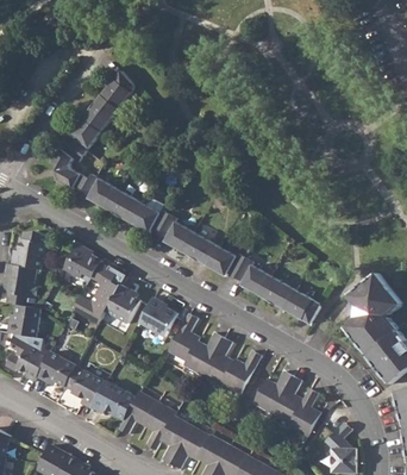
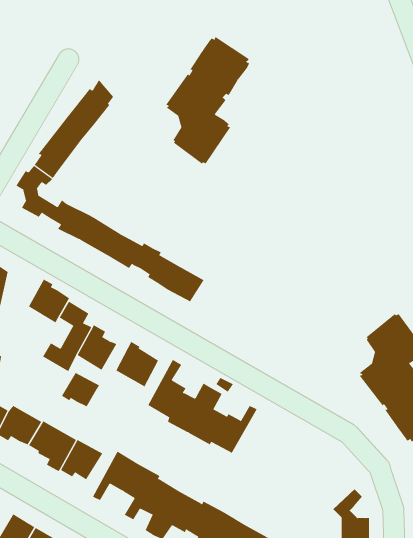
building: none -> [165,36,250,164]
building: [201,243,319,321] -> none
building: none -> [61,372,100,407]
building: [250,369,317,435] -> none

